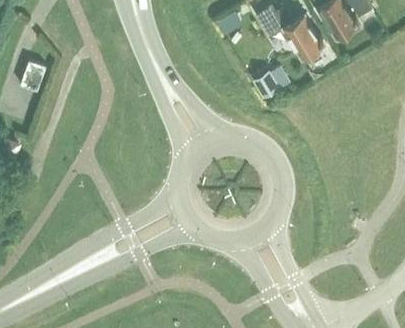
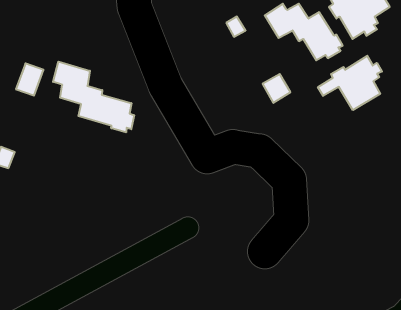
building: none -> [318,56,382,110]
building: none -> [53,62,134,132]

